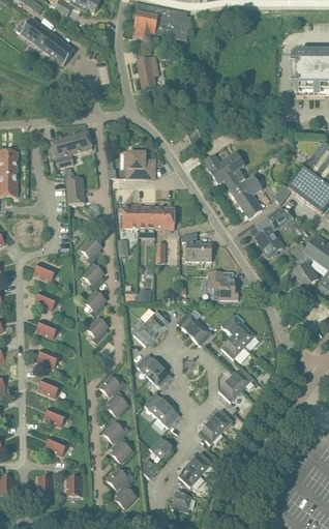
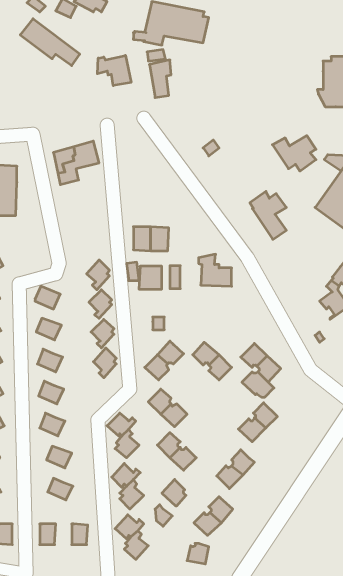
building: none -> [97,55,131,86]
building: [126,152,155,178] -> none
building: [204,153,243,185] -> [272,136,316,171]
building: [66,178,85,205] -> none
building: [154,208,175,229] -> [139,266,162,289]
building: [256,208,294,257] -> none
building: [202,270,239,299] -> none

